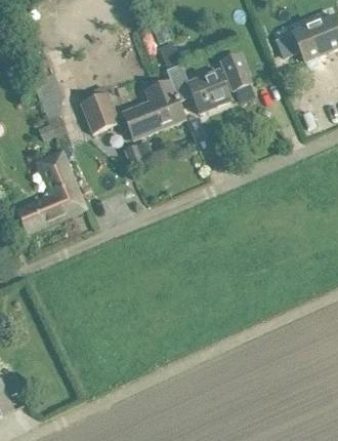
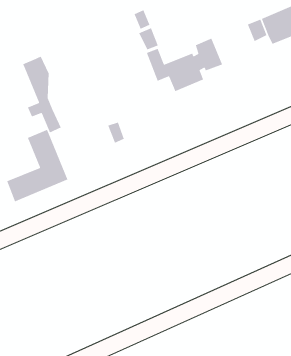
building: [122,79,184,135] -> none
building: [80,92,119,133] -> none

